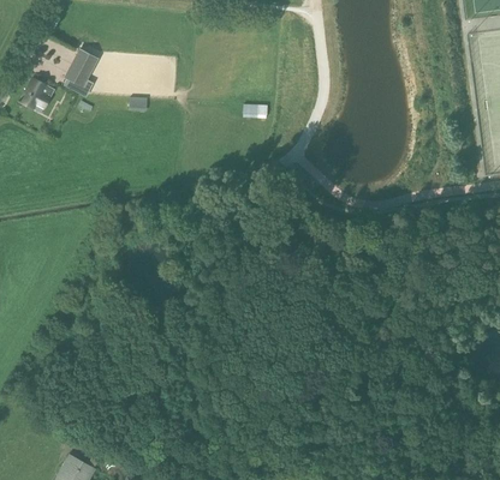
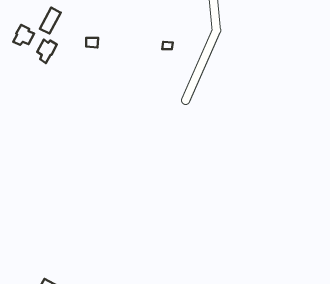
building: none -> [37,40,57,63]

